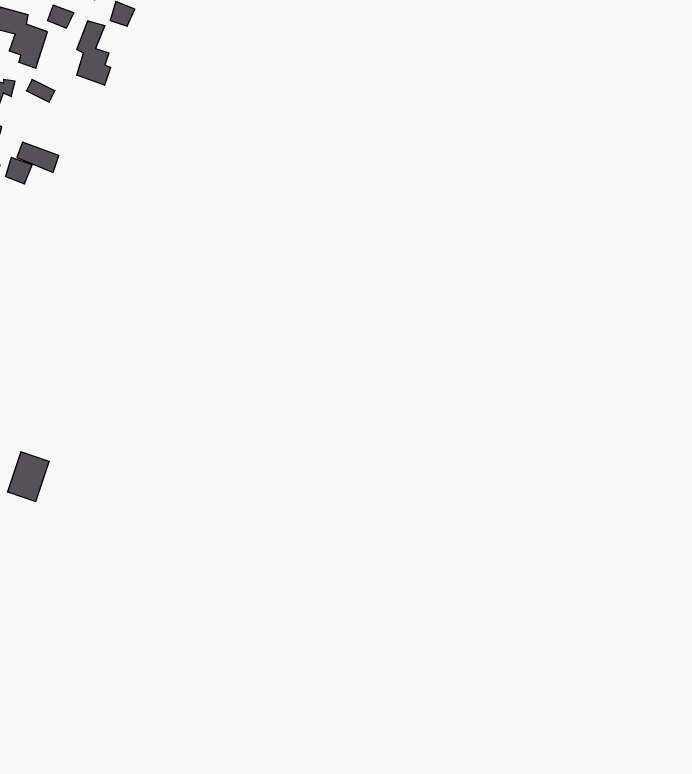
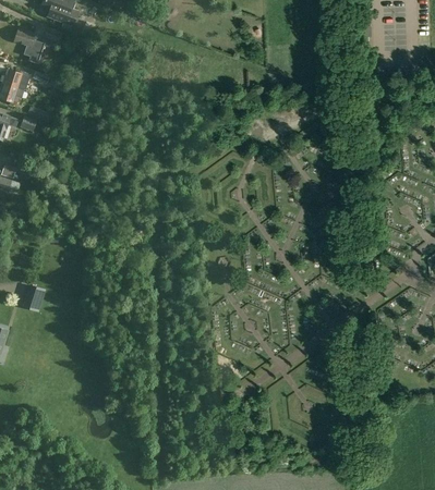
building: [77,21,111,85] -> none

